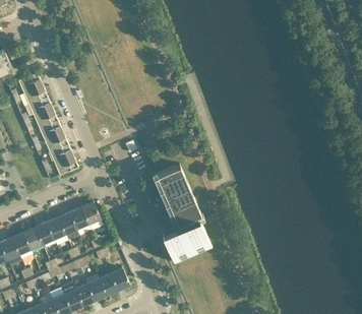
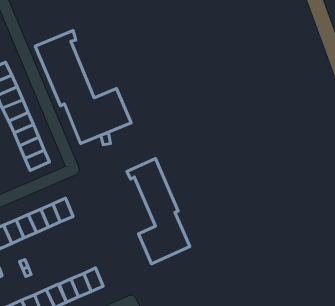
building: none -> [35,31,131,143]

